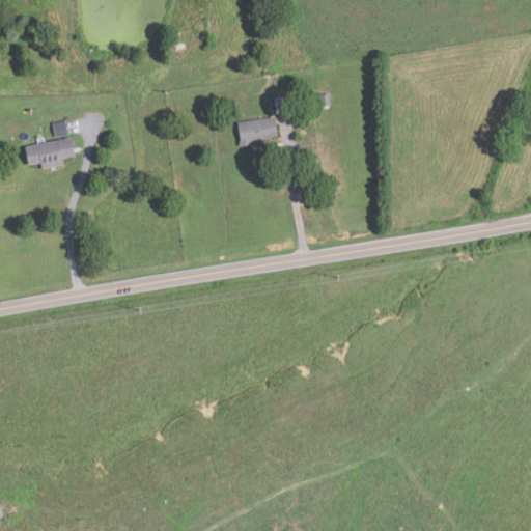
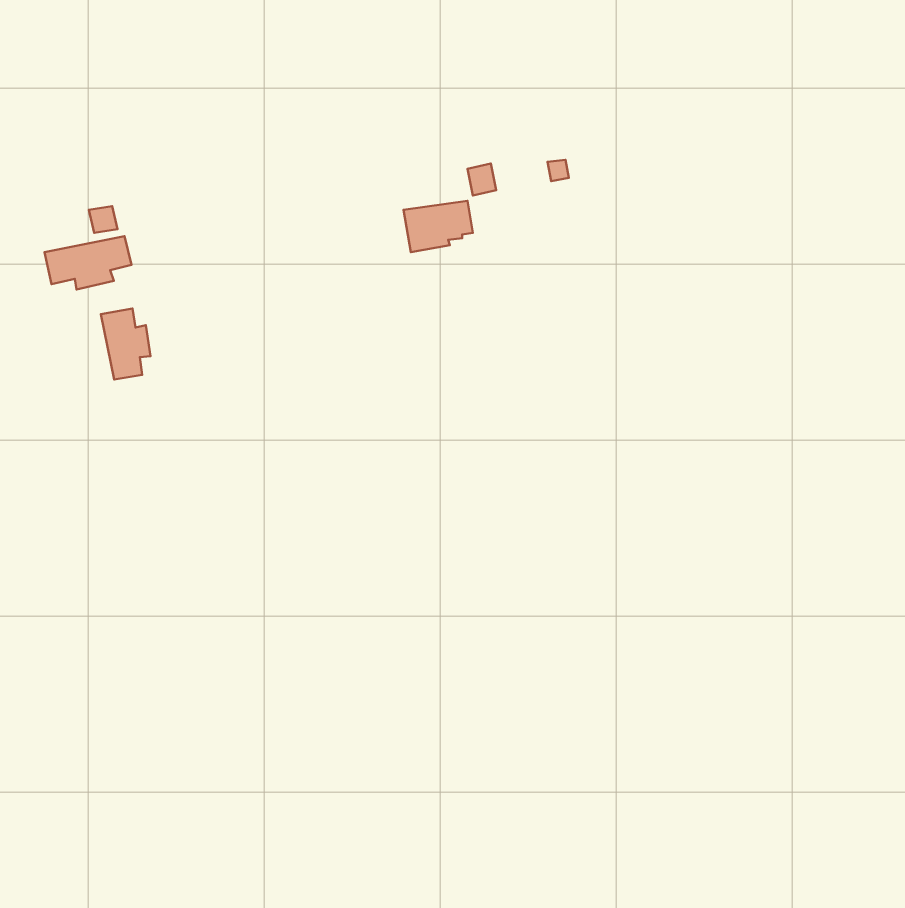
building: none -> [101,308,151,379]

